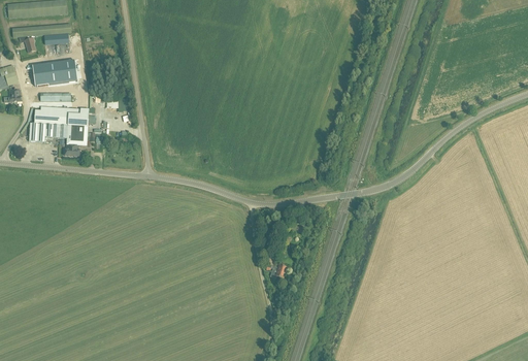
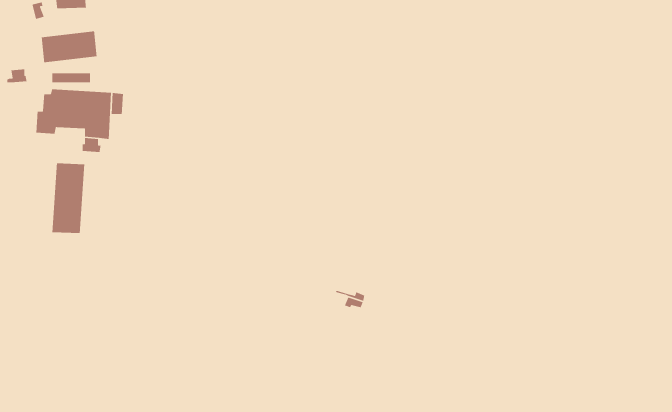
building: none -> [52,163,85,234]

